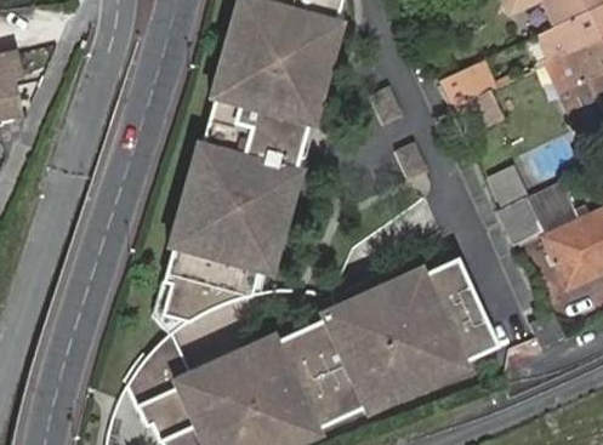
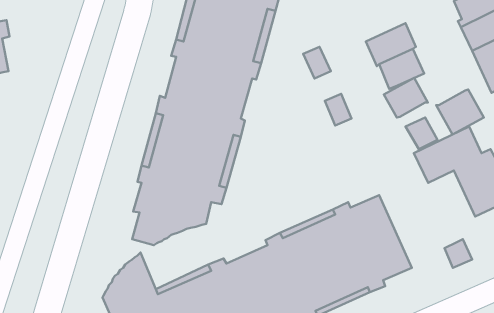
building: none -> [384,78,428,118]
building: none -> [436,90,484,135]

